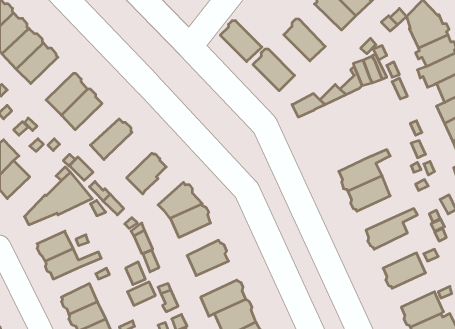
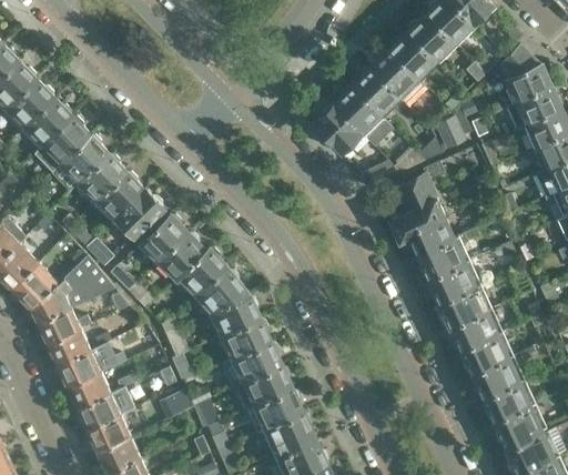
building: none -> [368,50,420,102]
building: [220,21,262,62] -> [331,88,382,138]
building: none -> [39,115,91,168]
building: none -> [389,164,455,255]
building: none -> [93,172,148,223]
building: none -> [139,214,187,263]
building: none -> [179,249,226,296]
building: none -> [10,262,59,311]
building: none -> [439,285,491,327]
building: none -> [37,306,91,344]
building: none -> [221,319,270,358]
building: none -> [460,331,513,374]
building: none -> [236,365,292,410]
building: none -> [67,372,111,410]
building: none -> [483,380,535,422]

